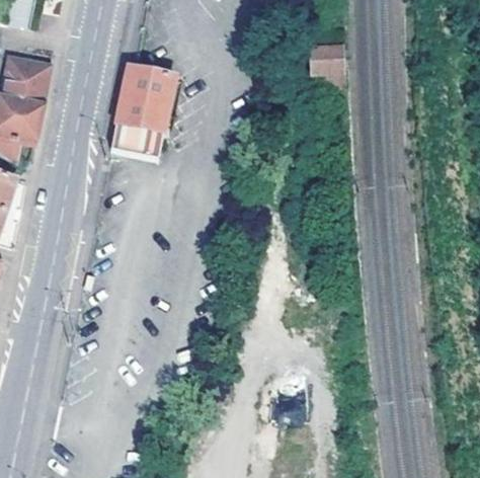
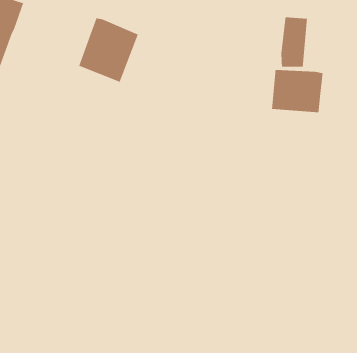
building: none -> [271,69,324,113]
building: [110,120,162,157] -> none

